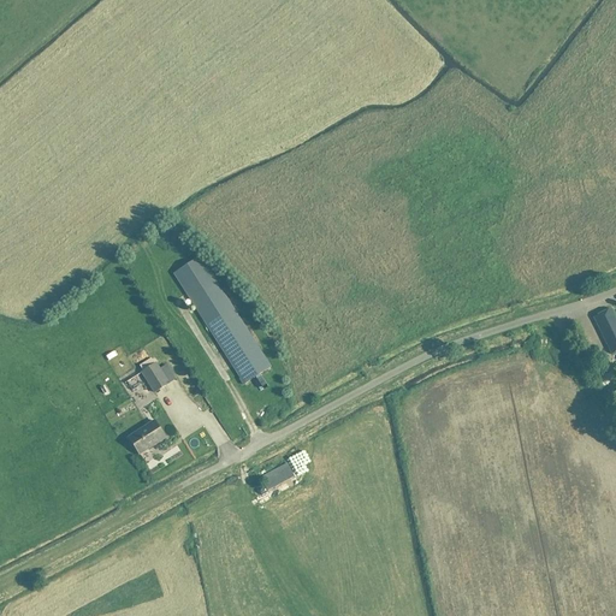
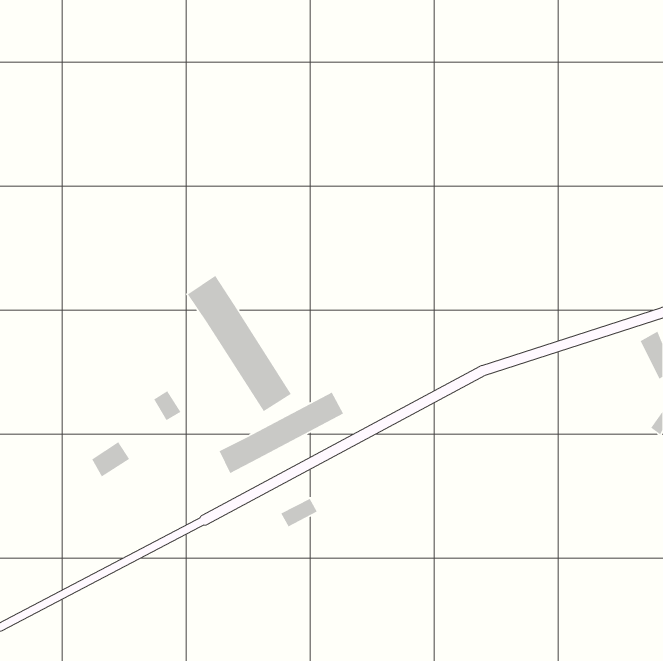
building: none -> [218,391,344,474]
building: [129,420,165,454] -> [91,441,130,477]

